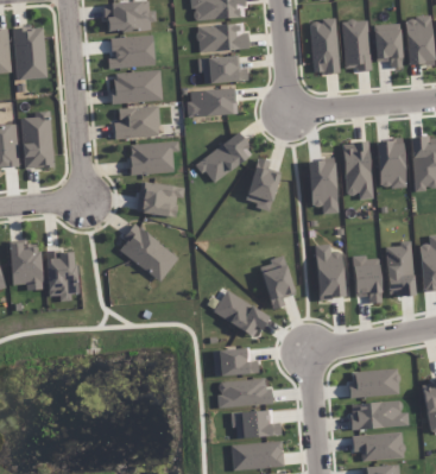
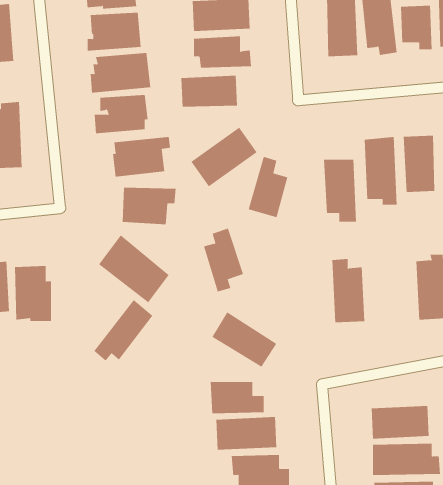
building: [261,254,296,309] -> [203,228,244,292]
building: [353,255,380,302] -> none
building: none -> [93,299,153,361]

